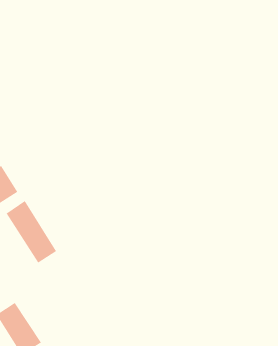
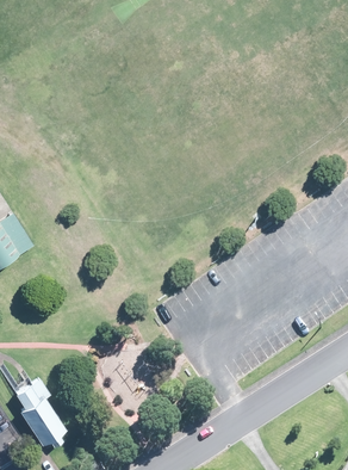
building: [6,200,57,263] -> none

